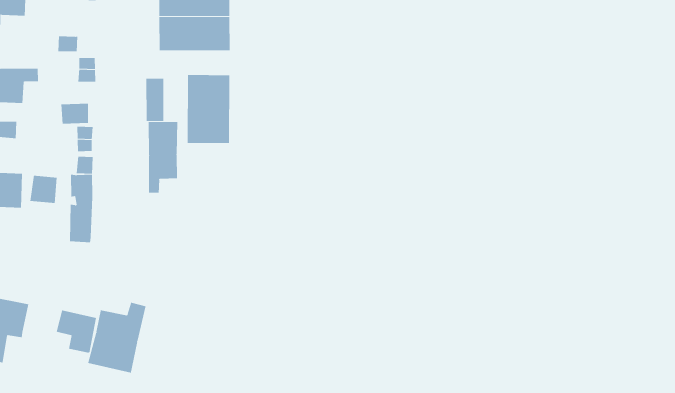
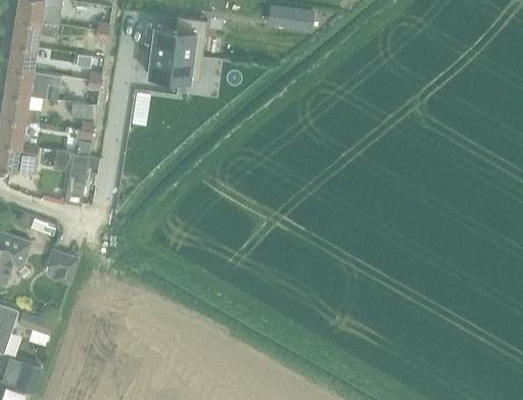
building: [187,74,230,144] -> none
building: [148,121,178,194] -> none
building: [87,302,146,373] -> none

